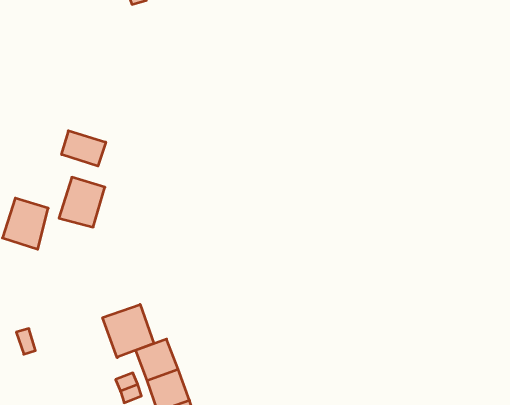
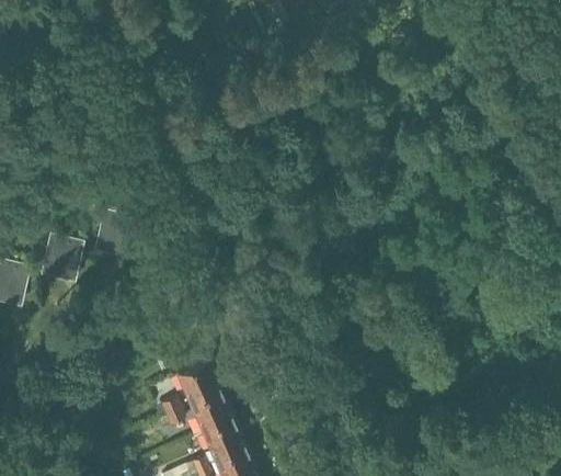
building: [62,131,106,166] -> none
building: [103,304,154,358] -> none

